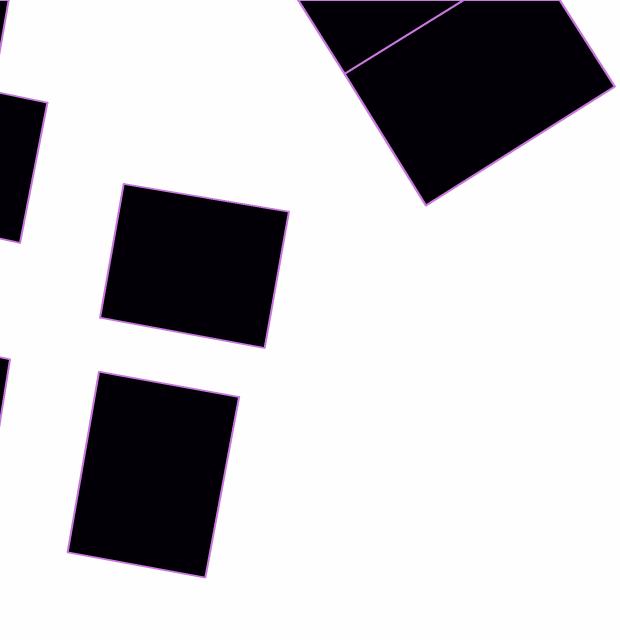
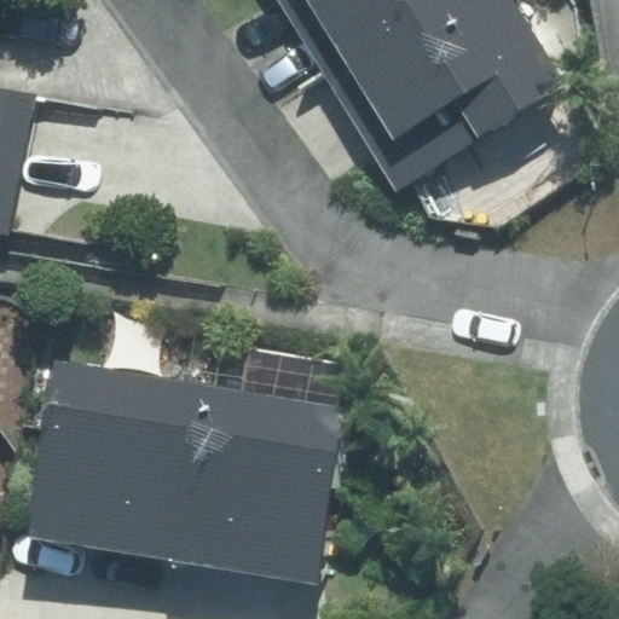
building: [100,184,289,348] -> none
building: none -> [198,383,377,584]

